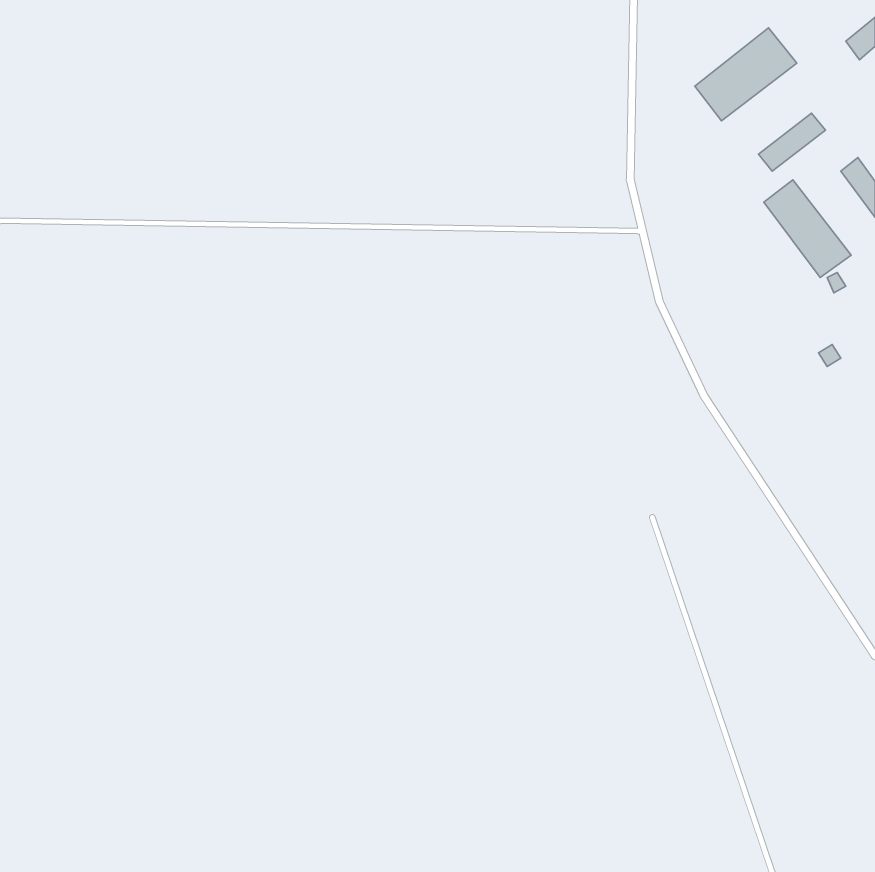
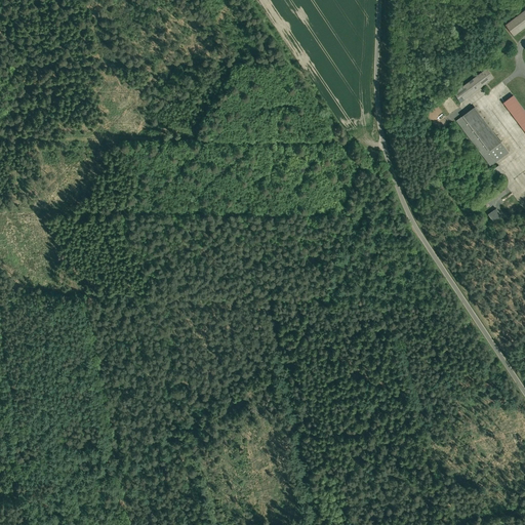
building: [695,28,797,121] -> none

